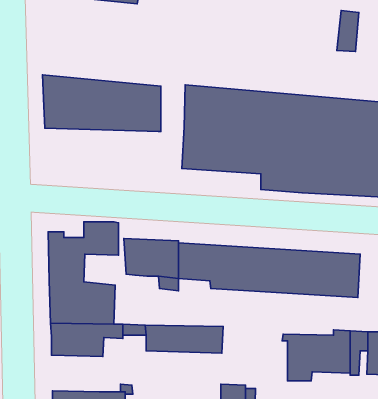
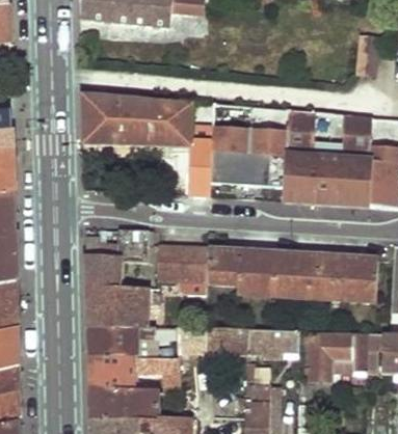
building: none -> [189,142,213,196]
building: none -> [248,328,300,355]
building: none -> [89,355,181,391]

